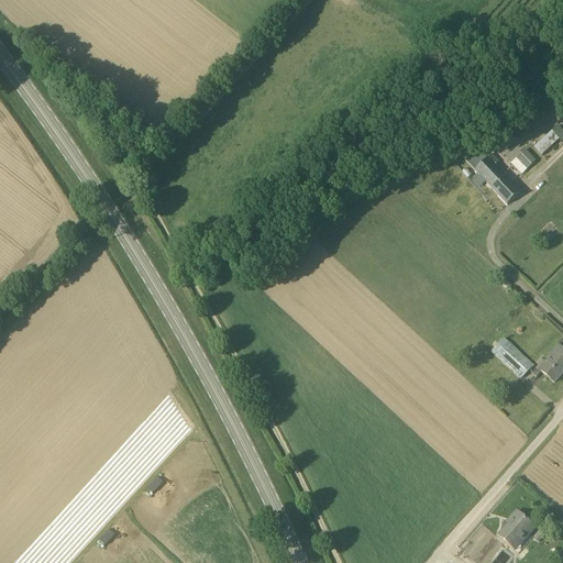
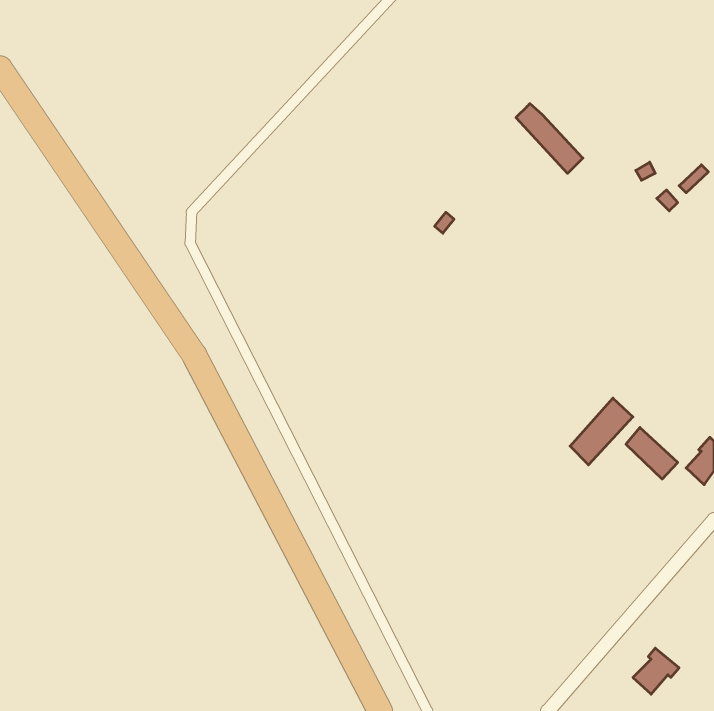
building: [466,148,519,203] -> [516,104,583,173]
building: none -> [570,398,633,465]

